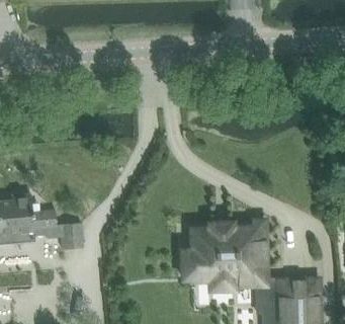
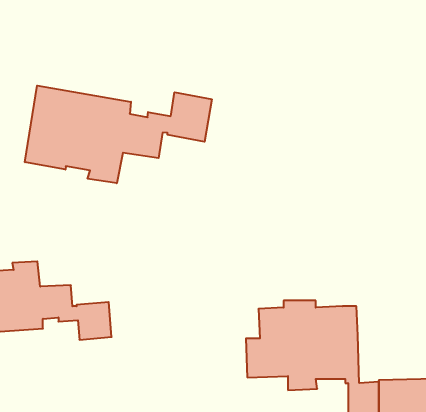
building: none -> [25,86,212,183]

